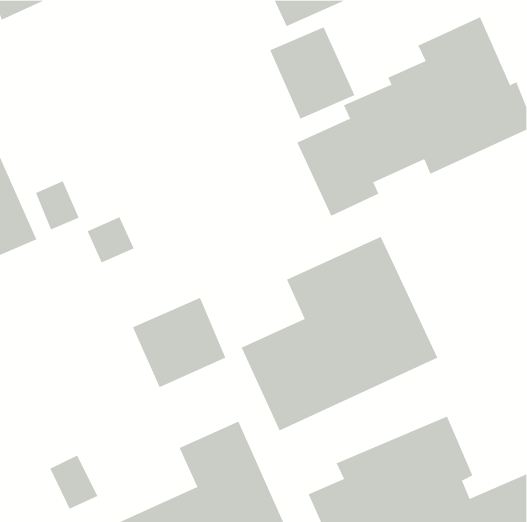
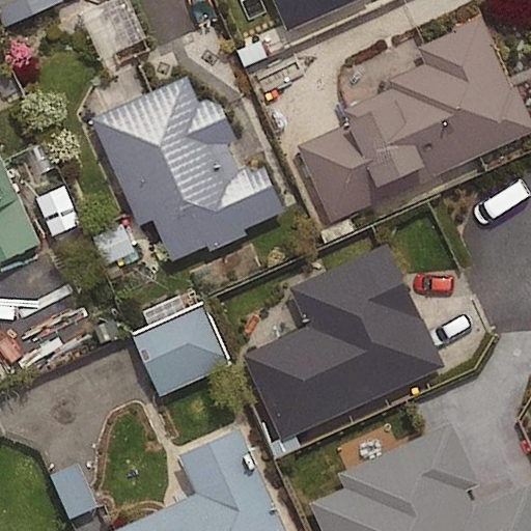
building: [269,26,355,120] -> none
building: none -> [94,80,284,262]

